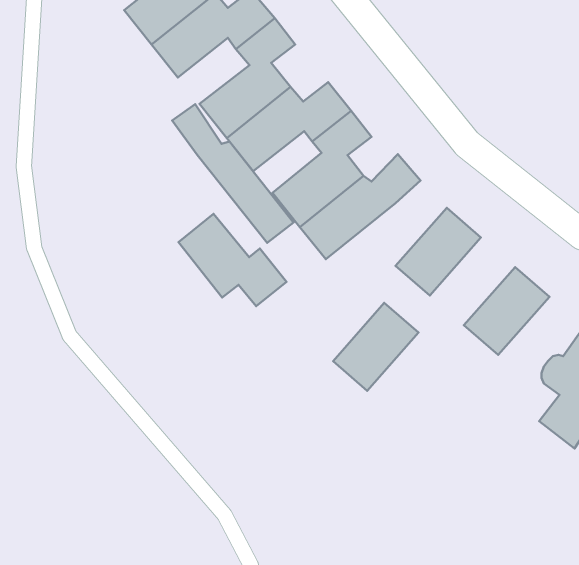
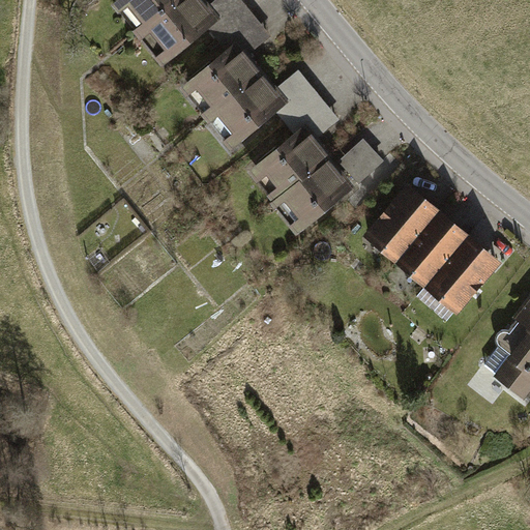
building: [172,104,294,243] -> none
building: [178,214,286,306] -> none
building: [333,303,418,391] -> [393,215,471,295]

